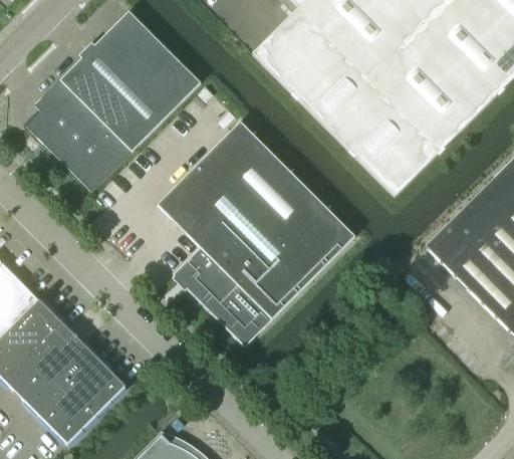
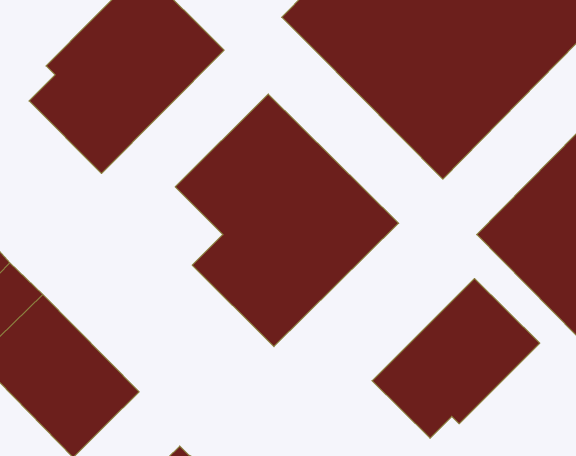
building: none -> [372,279,540,438]

